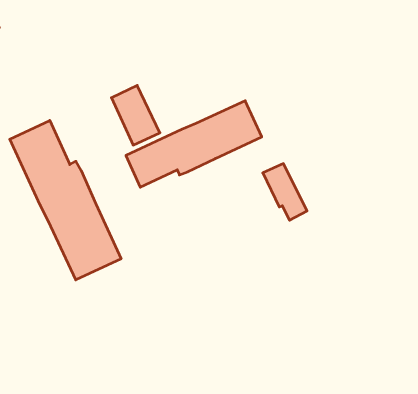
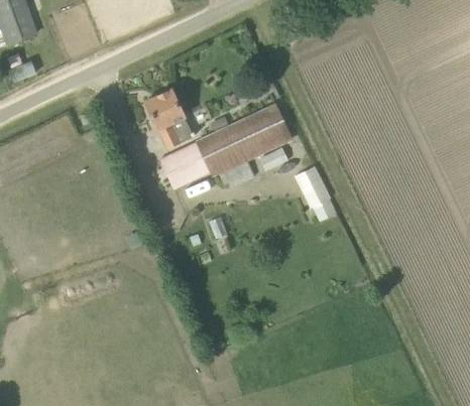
building: [10,120,121,280] -> none

